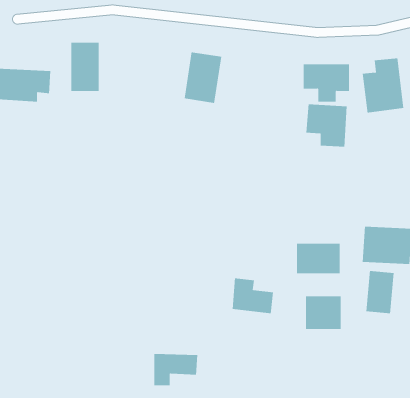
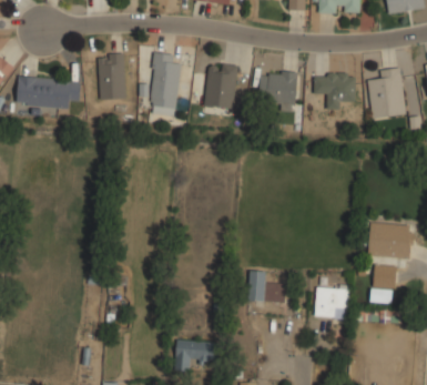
building: none -> [149,52,181,108]
building: [305,104,348,147] -> [258,71,297,111]
building: [296,243,340,274] -> none

